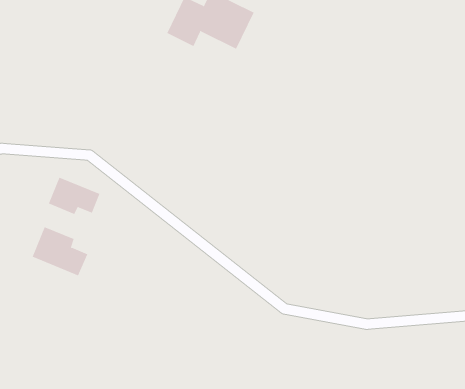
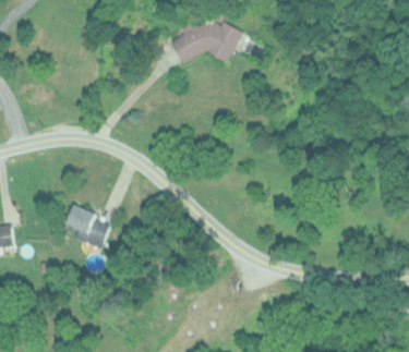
building: [48,177,100,215] -> none

